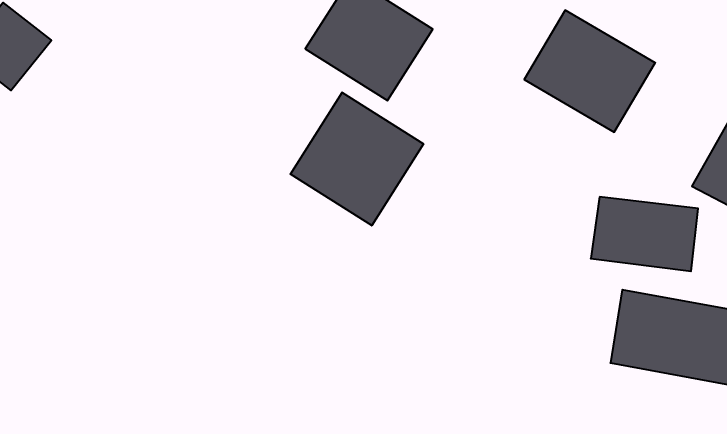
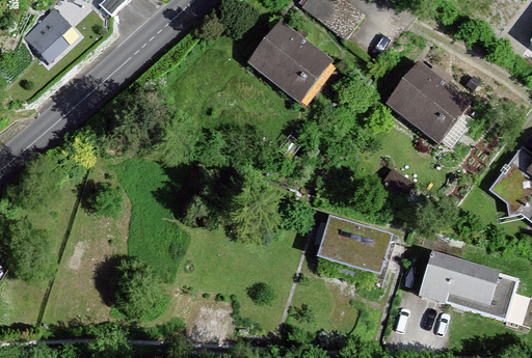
building: [290,92,423,226] -> none
building: [591,197,698,271] -> [317,216,392,273]

